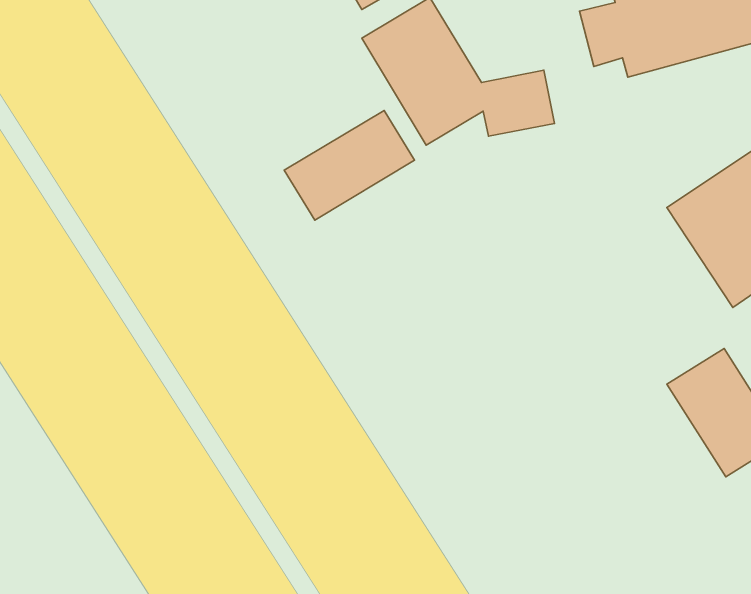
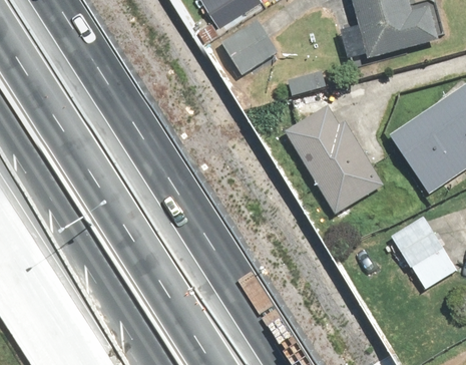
building: [284,110,415,220] -> none
building: none -> [288,105,381,211]

